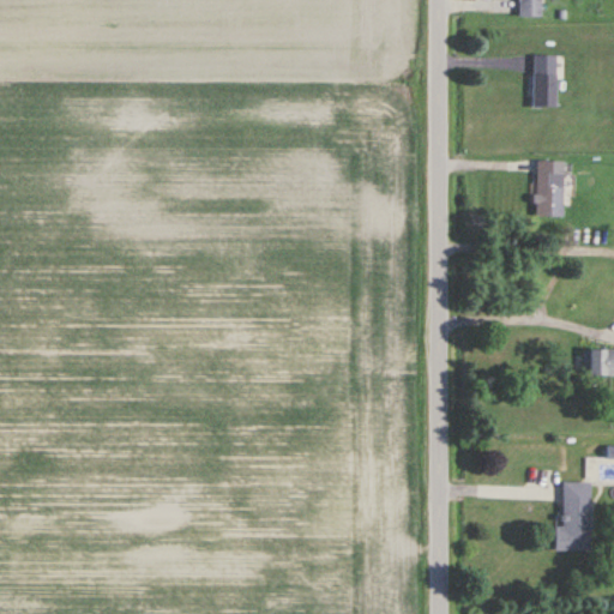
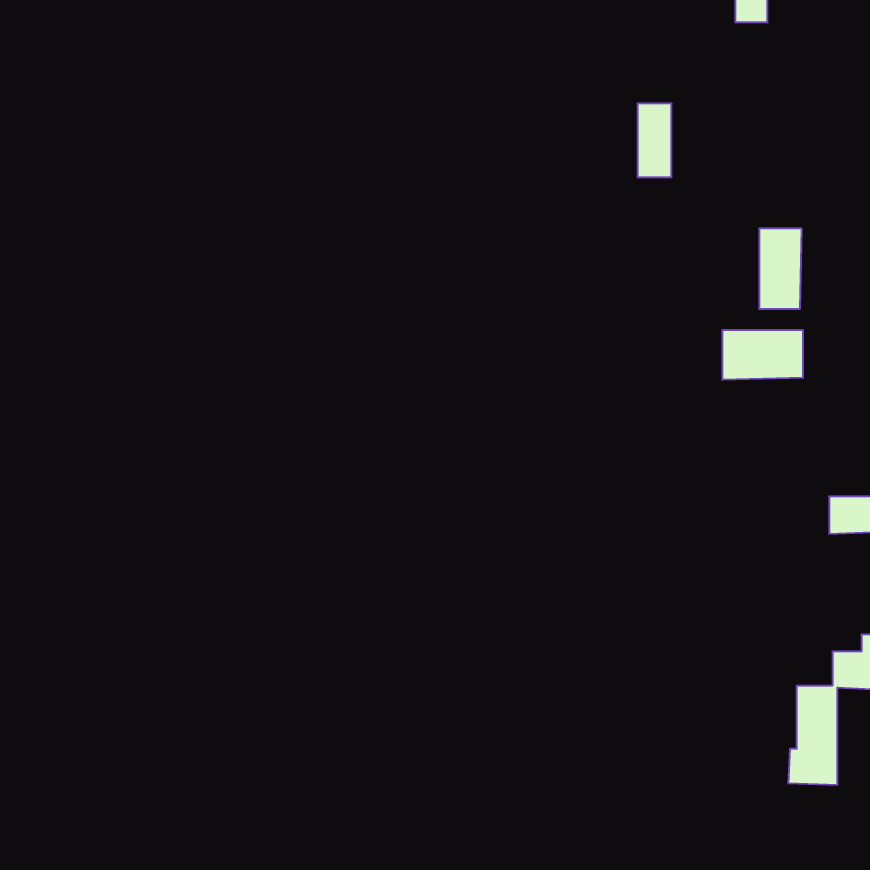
building: [534,55,558,107] -> [637,104,672,177]
building: none -> [722,330,803,380]

